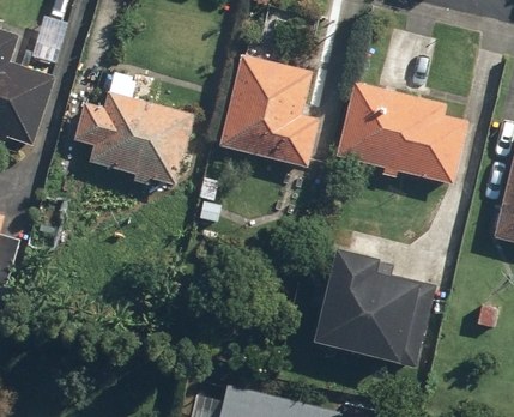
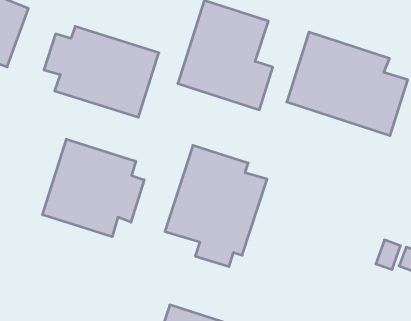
building: none -> [43,139,144,237]
building: [312,249,417,376] -> [165,145,267,267]

